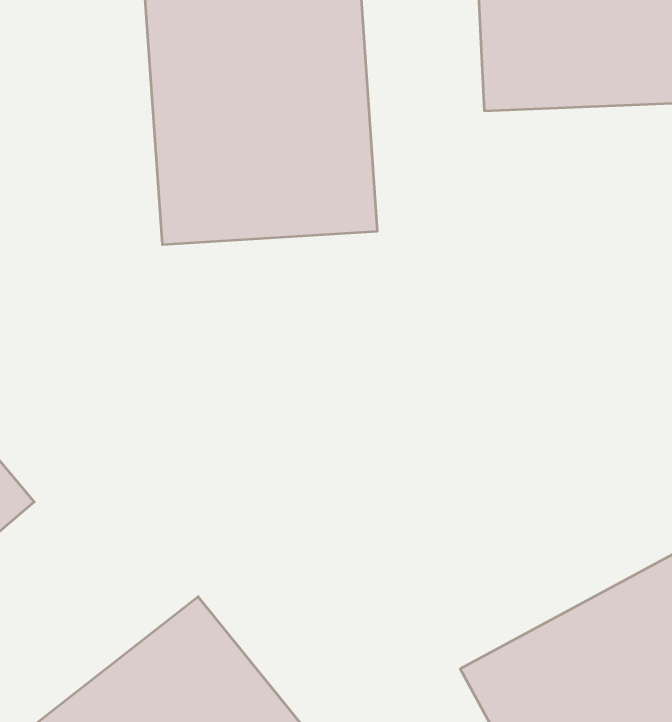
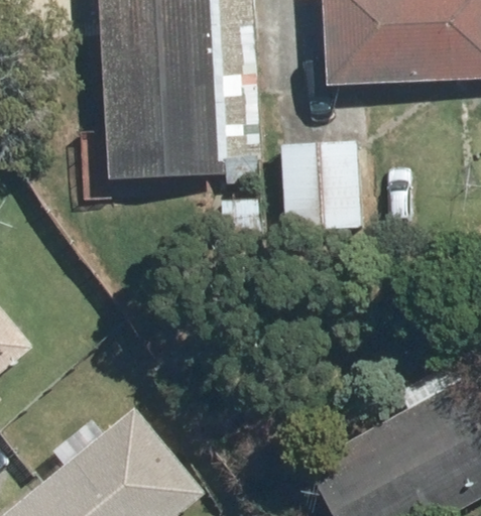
building: none -> [283,141,354,231]

